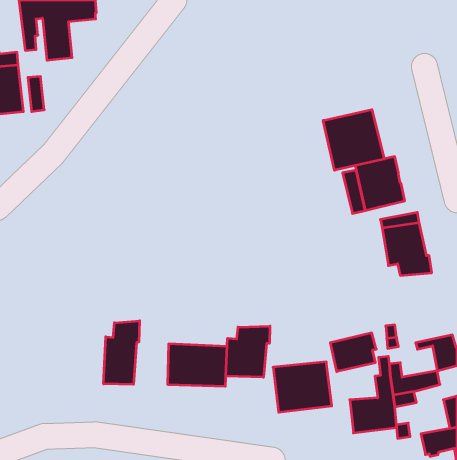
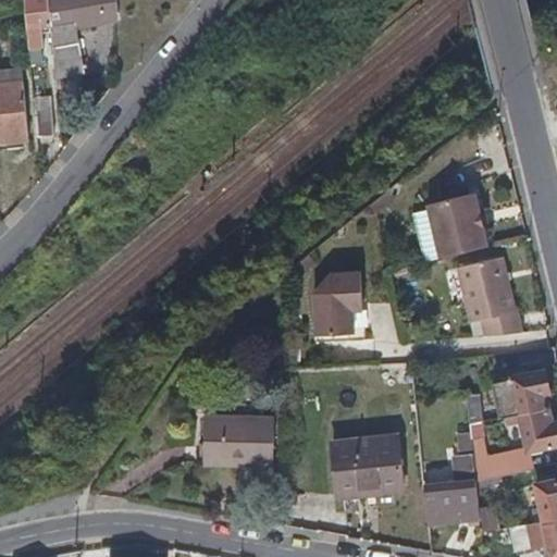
building: [323,110,384,170] -> none
building: none -> [313,267,362,331]
building: [104,321,140,384] -> none
building: [226,326,270,377] -> none
building: [330,333,376,372] -> [492,369,547,416]

